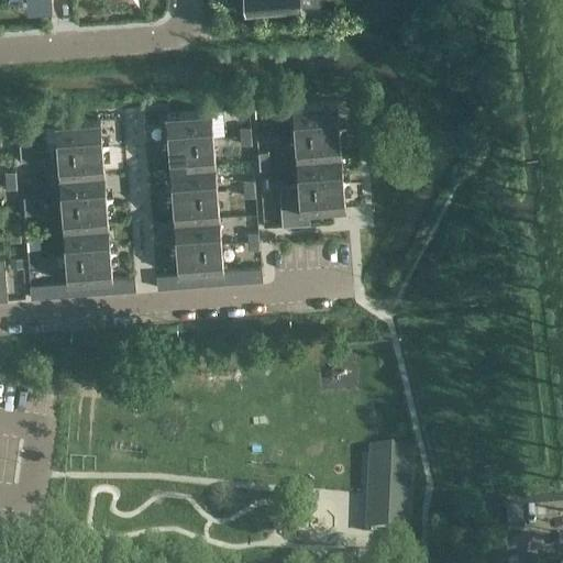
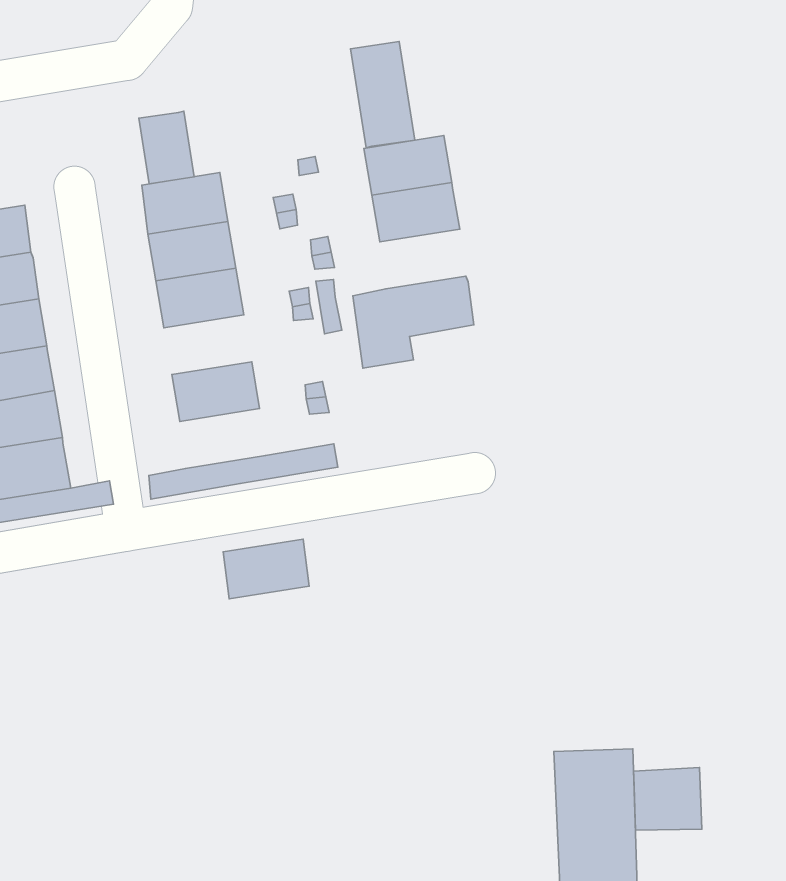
building: none -> [351,41,415,148]
building: none -> [139,111,194,184]
building: [295,156,341,186] -> none
building: [170,194,218,223] -> none
building: [175,246,221,276] -> [223,539,309,599]
building: none -> [633,768,702,830]

